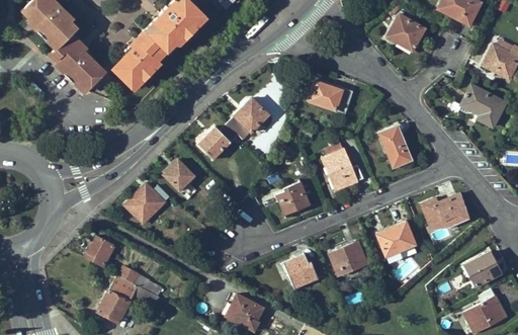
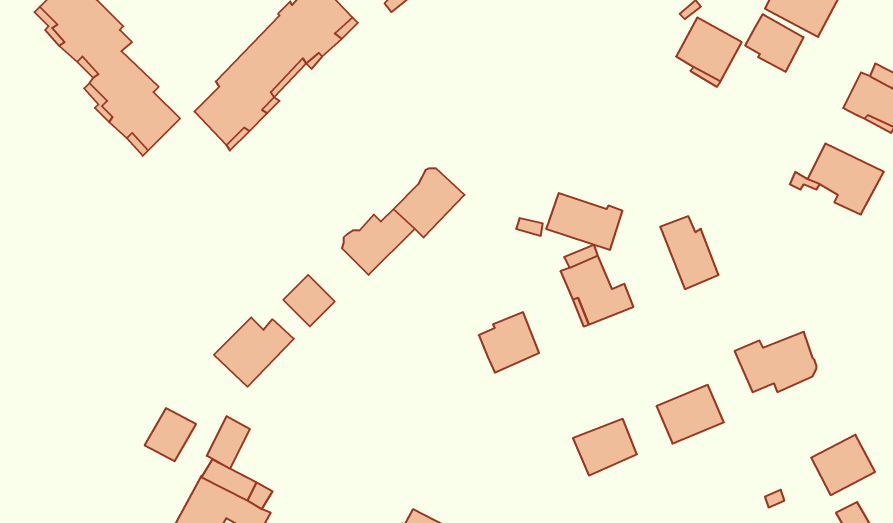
building: none -> [745,14,804,72]
building: [309,81,352,113] -> [546,193,623,250]
building: none -> [207,416,250,469]
building: [284,254,318,287] -> none

